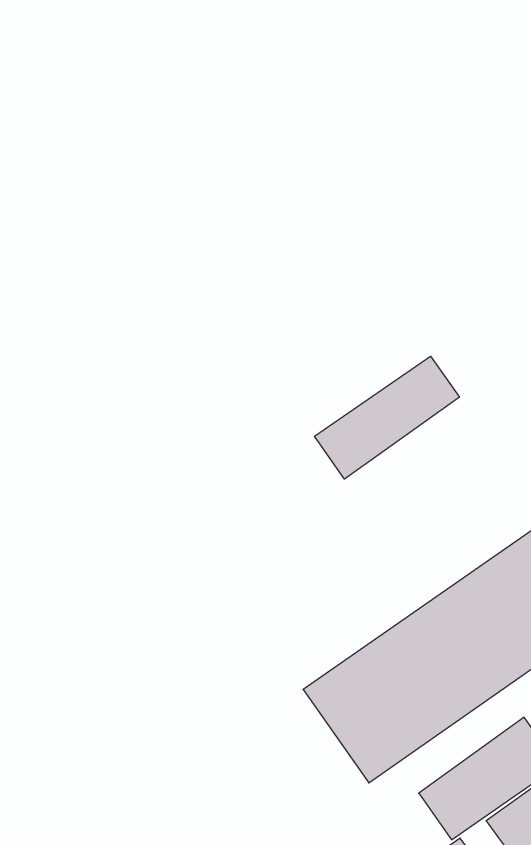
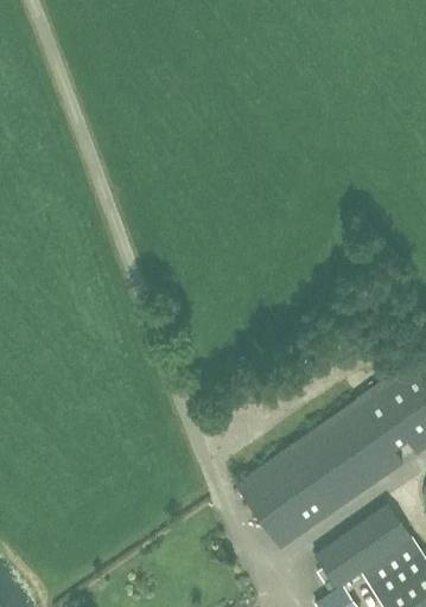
building: [315,356,459,479] -> none

